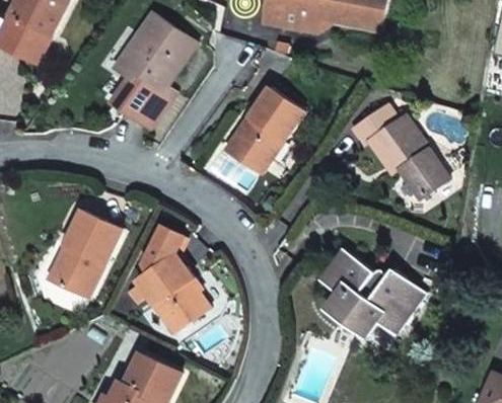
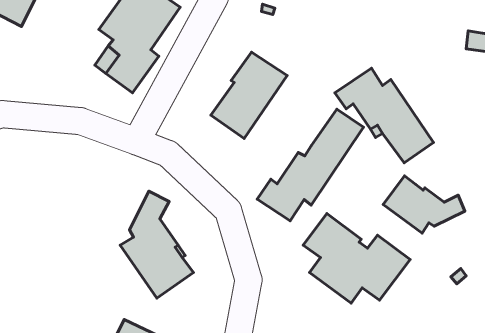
building: none -> [257,109,363,221]
building: [52,210,118,298] -> none
building: none -> [383,176,465,233]

